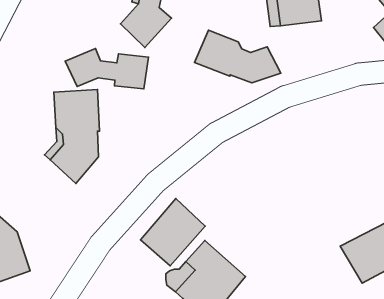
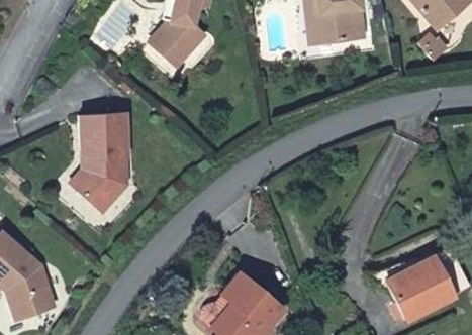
building: [194,30,281,83] -> none
building: [65,49,148,89] -> none
building: [141,198,205,266] -> none

